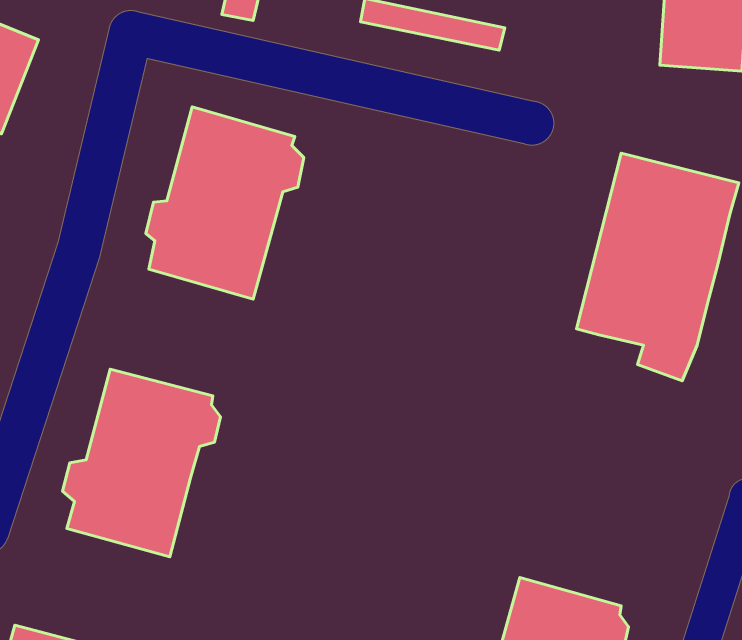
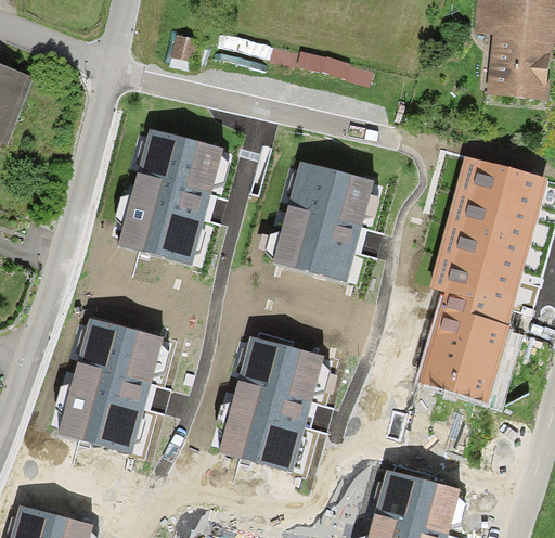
building: none -> [266,159,375,283]
building: none -> [418,293,508,401]
building: none -> [215,336,330,473]

